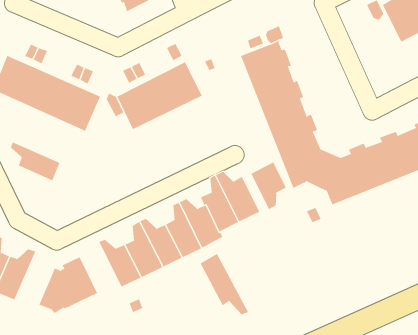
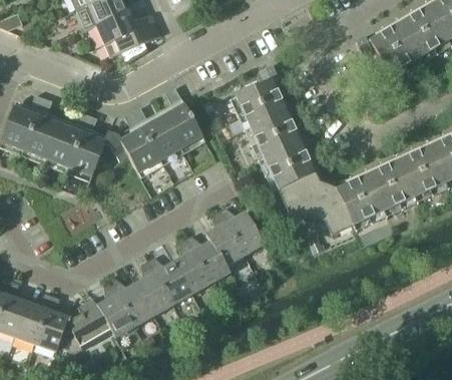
building: [10,141,60,181] -> none
building: [250,162,287,210] -> none
building: none -> [97,282,134,335]
building: none -> [33,294,67,350]
building: [200,253,249,315] -> none

